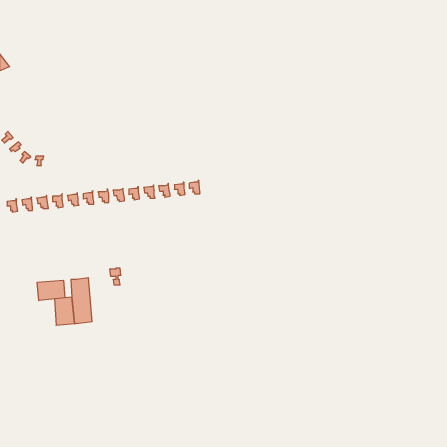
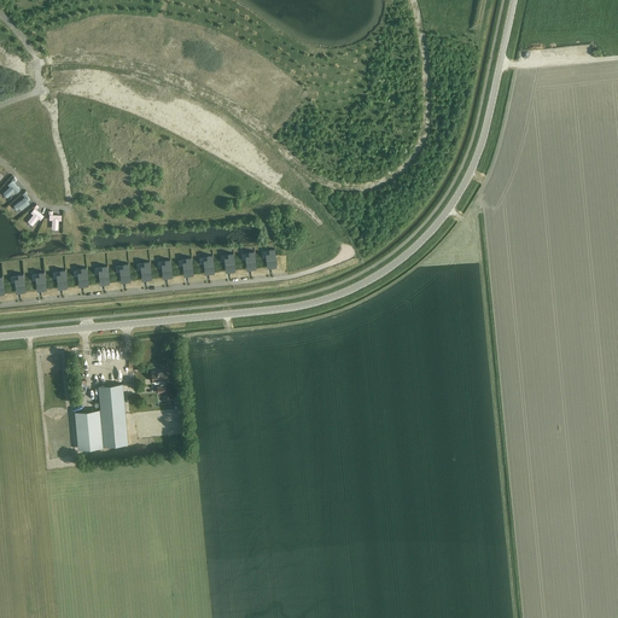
building: [37,280,65,301] -> none

